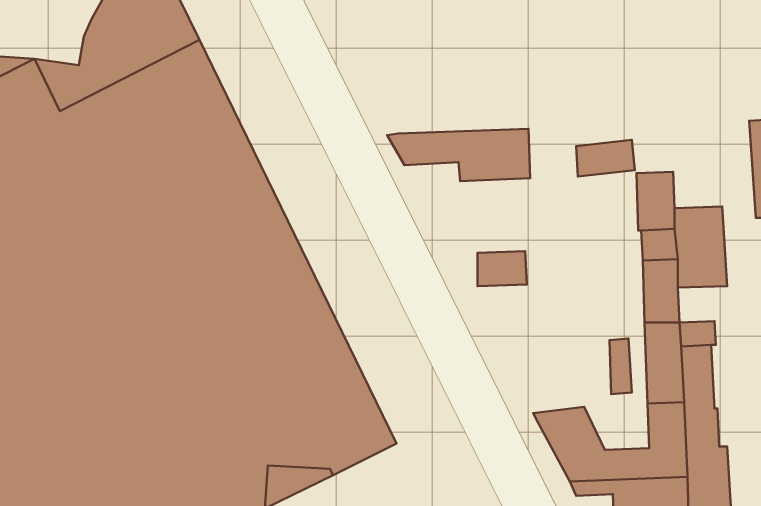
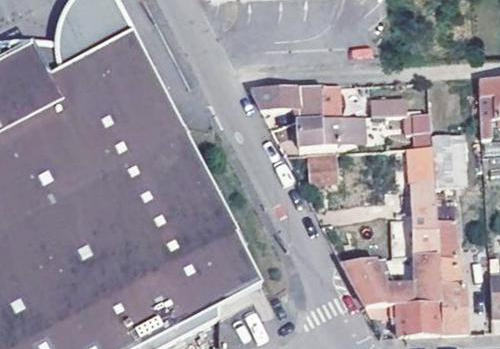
building: none -> [292,115,361,144]

